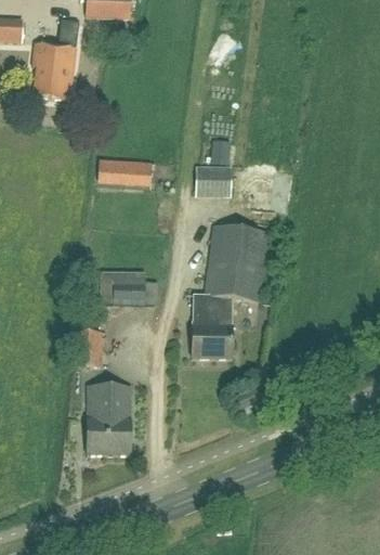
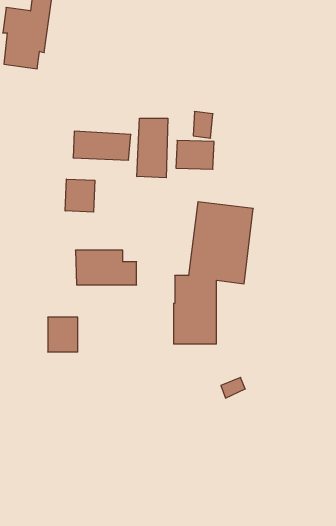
building: none -> [137,118,168,178]
building: none -> [65,179,95,212]
building: [87,384,131,454] -> none

